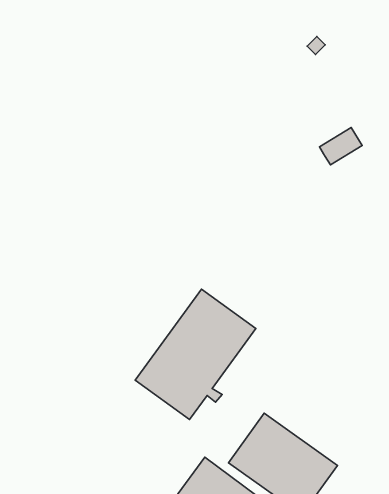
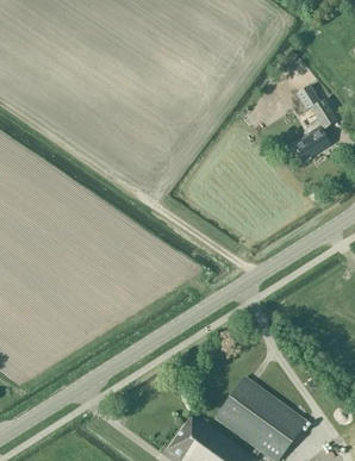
building: none -> [295,83,337,127]
building: [135,289,256,419] -> none

